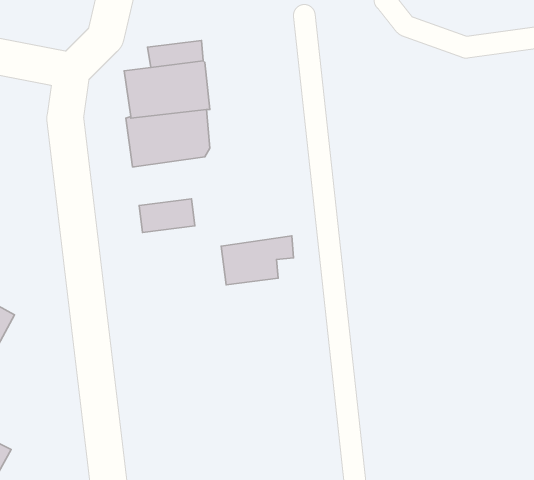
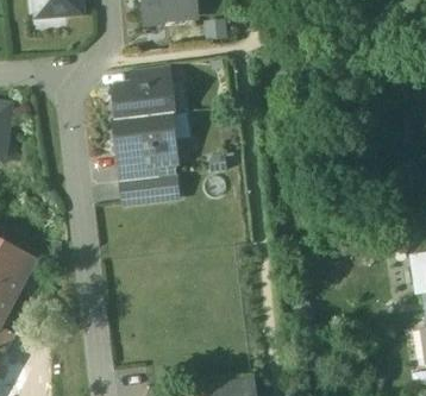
building: [221,236,293,285] -> [119,147,170,182]

